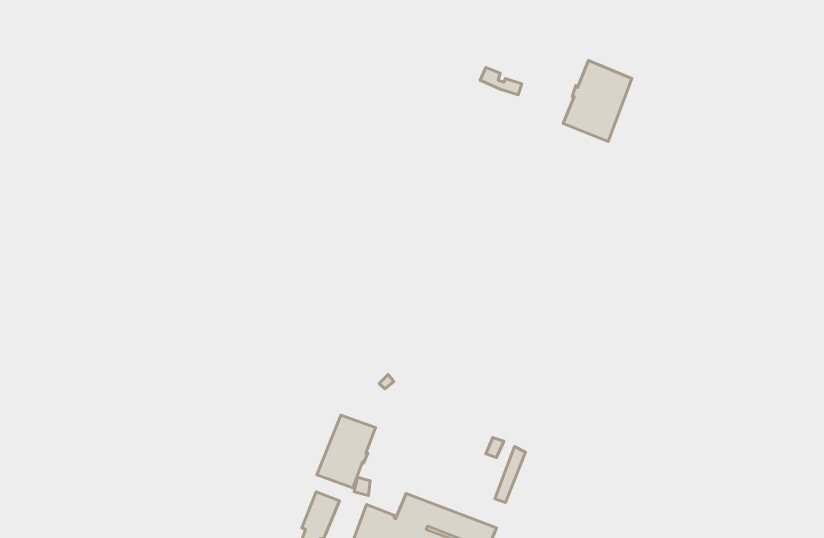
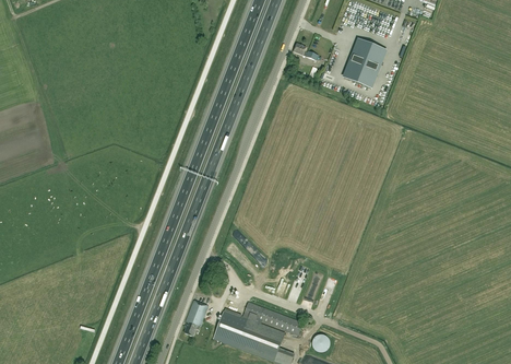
building: [317,415,375,488] -> none

